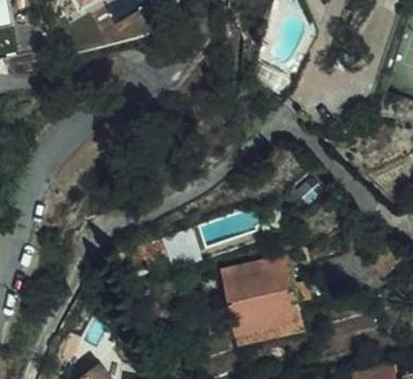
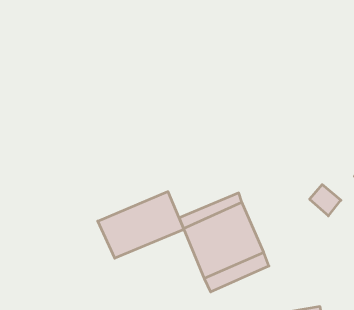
building: none -> [98,192,184,258]

